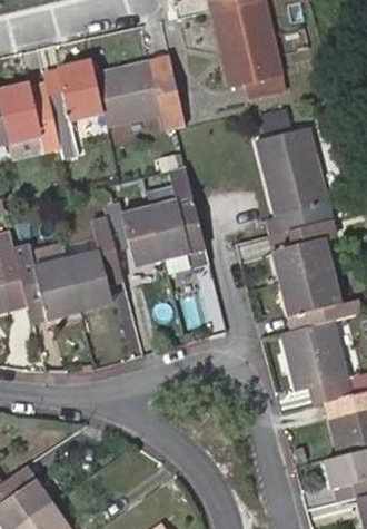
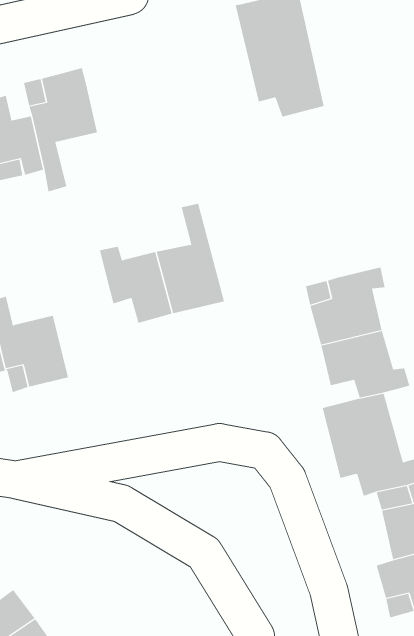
building: [93,59,180,125] -> none
building: [257,126,330,228] -> none
building: [67,215,122,308] -> none

